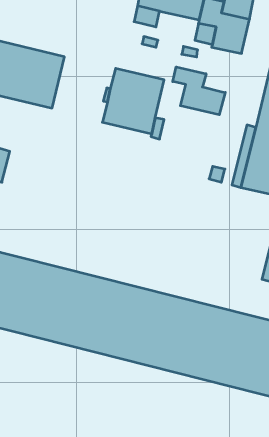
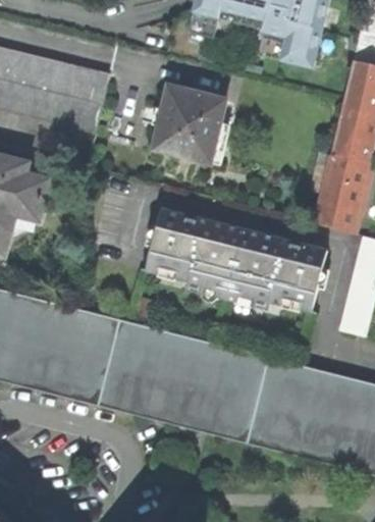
building: [173,67,225,115] -> none
building: none -> [148,209,327,307]

